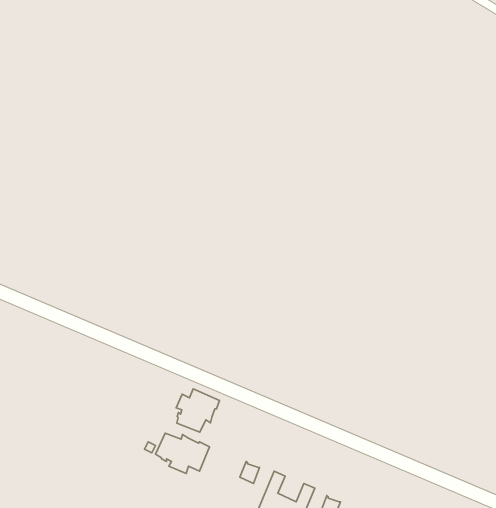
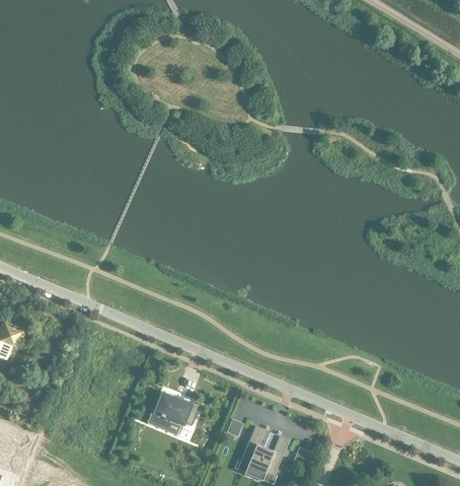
building: [176,389,219,432] -> none

